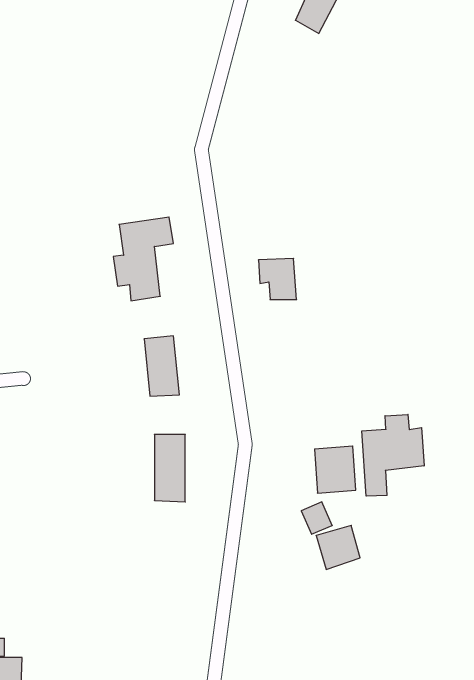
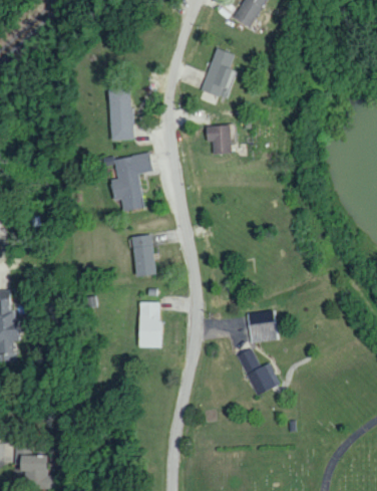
building: none -> [203,48,238,98]
building: none -> [110,88,133,141]
building: [258,258,297,300] -> [206,126,232,154]
building: [362,414,424,496] -> none

